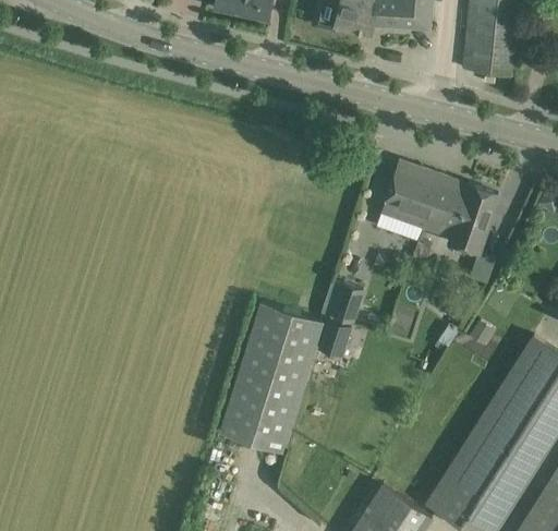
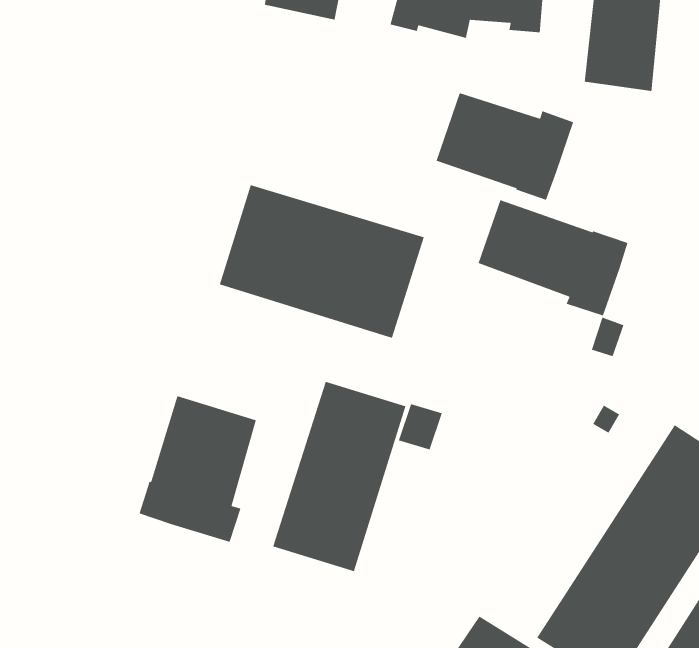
building: none -> [435,92,574,201]
building: none -> [219,184,425,339]
building: [320,280,364,324] -> none
building: none -> [139,395,257,543]

